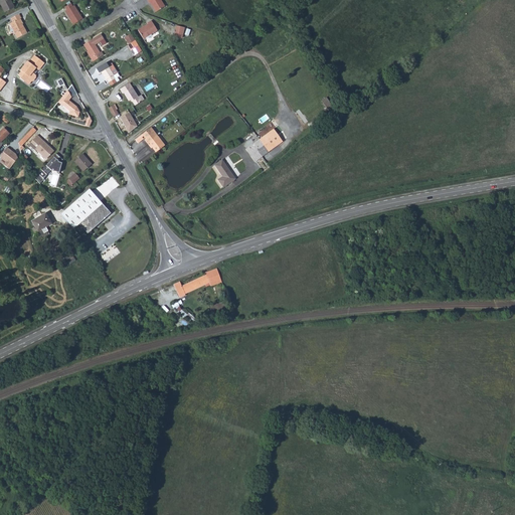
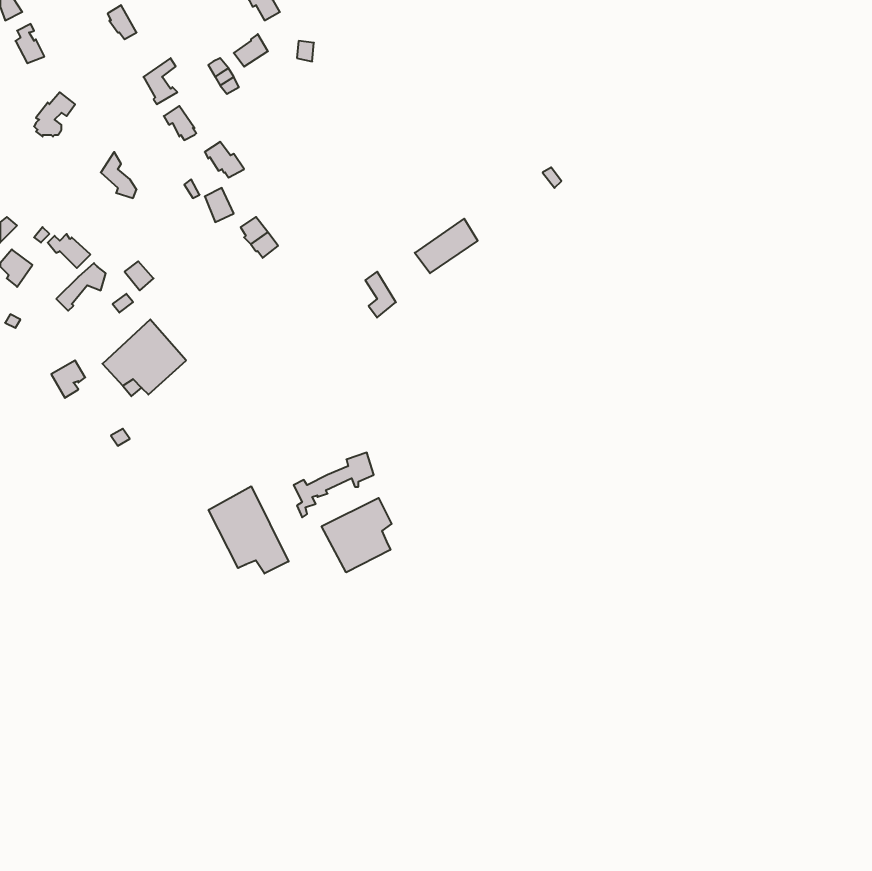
building: none -> [209,486,289,574]
building: none -> [322,498,392,572]

